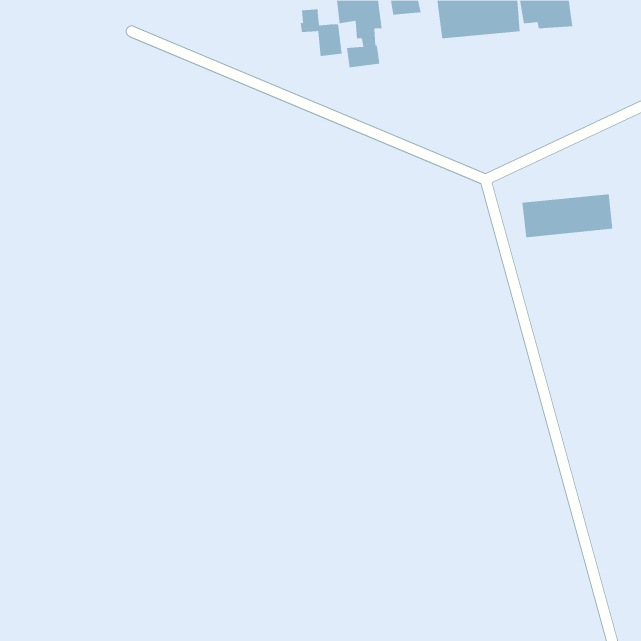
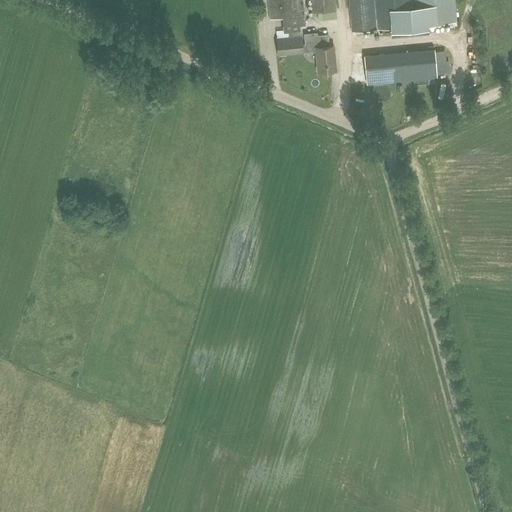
building: [300,9,342,56] -> [302,32,336,70]
building: [522,194,613,238] -> [364,48,437,83]

